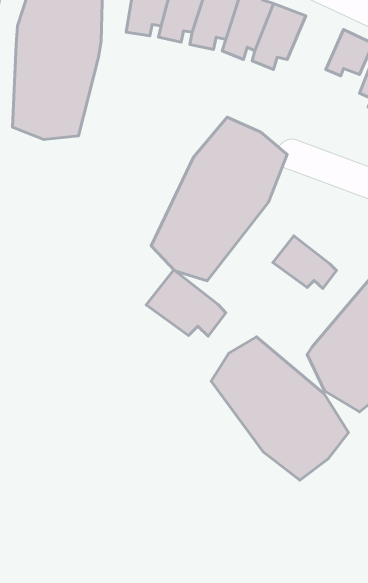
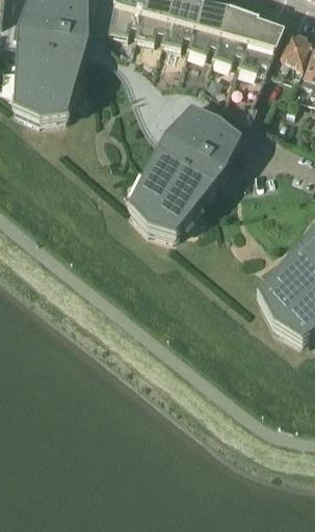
building: none -> [237,15,284,69]
building: [273,236,336,288] -> none
building: [146,270,226,336] -> none
building: [211,337,349,480] -> none

